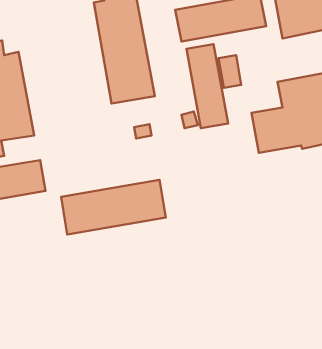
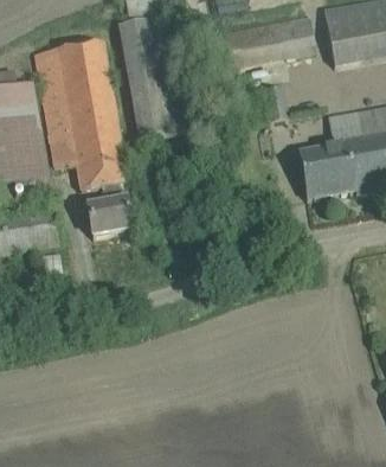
building: none -> [36,39,131,236]
building: [186,44,228,128] -> none
building: [61,180,166,235] -> none

